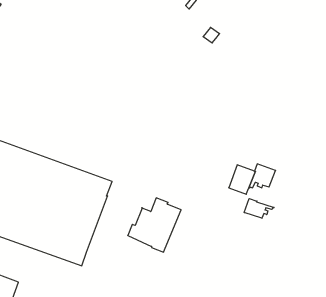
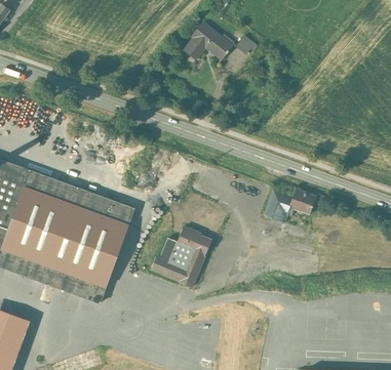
building: none -> [183,23,232,59]
building: [244,199,274,218] -> none

